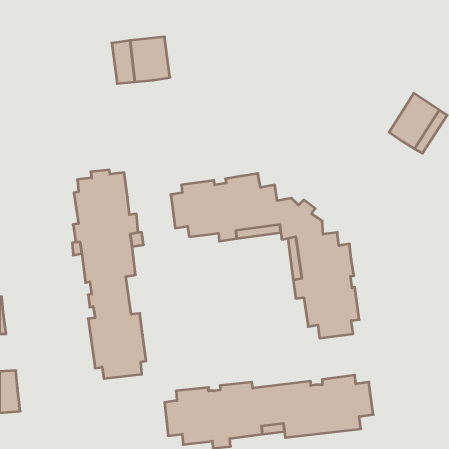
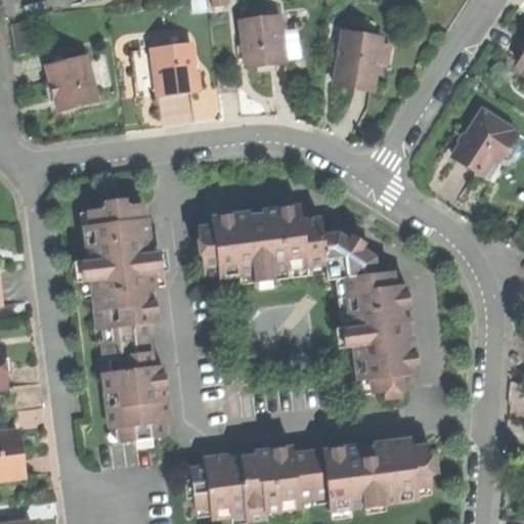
building: none -> [241,13,288,68]
building: none -> [335,31,382,87]
building: none -> [46,54,97,110]

